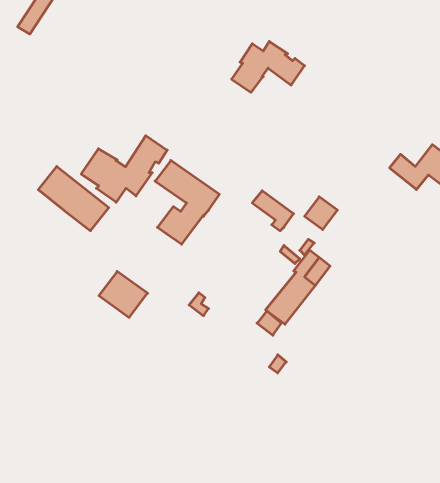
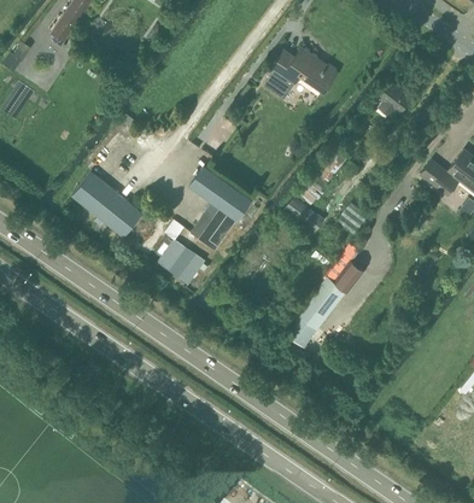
building: none -> [379,82,411,116]
building: [81,136,167,202] -> none
building: [99,271,148,317] -> [156,238,204,283]

